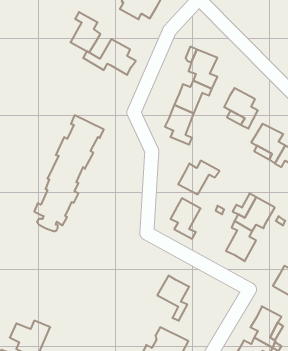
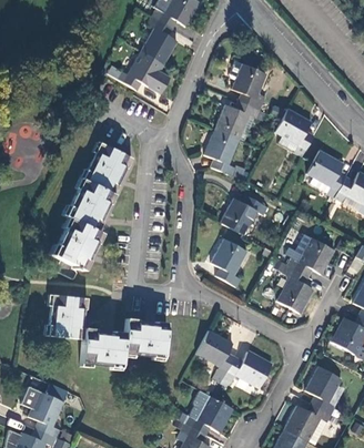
building: [70,12,100,53] -> [141,16,176,63]
building: none -> [46,294,168,369]
building: none -> [221,352,272,387]

